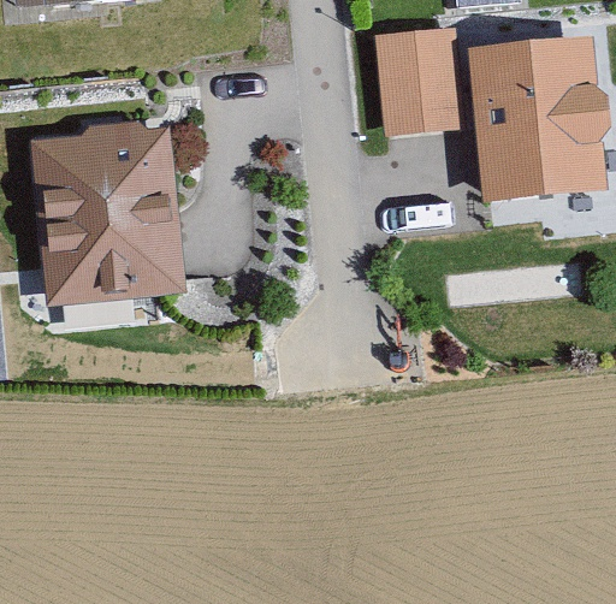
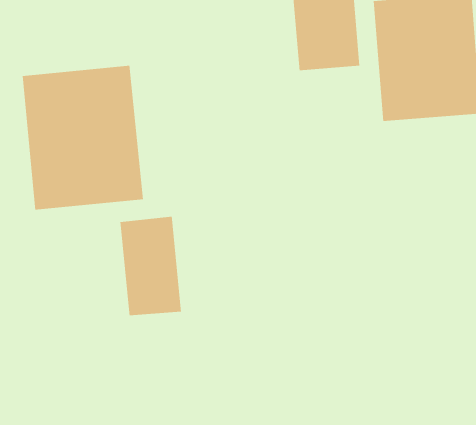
building: none -> [120,216,181,316]

